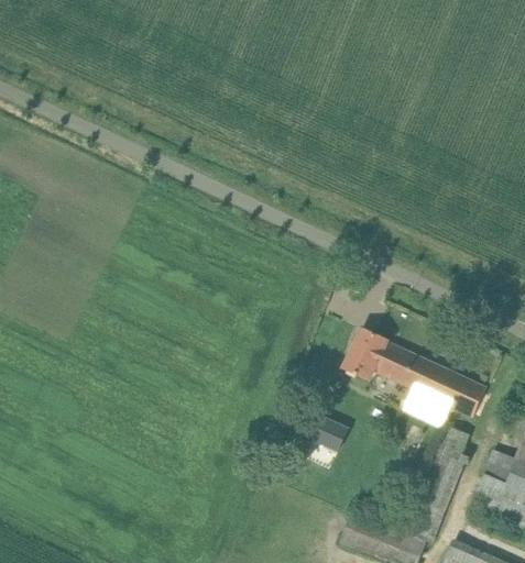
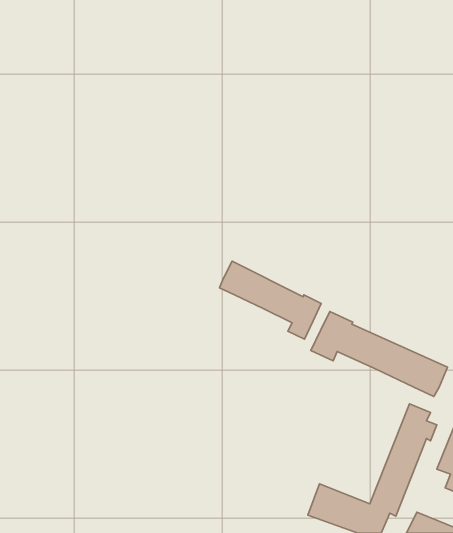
building: none -> [219,261,321,339]
building: [314,411,351,449] -> none

